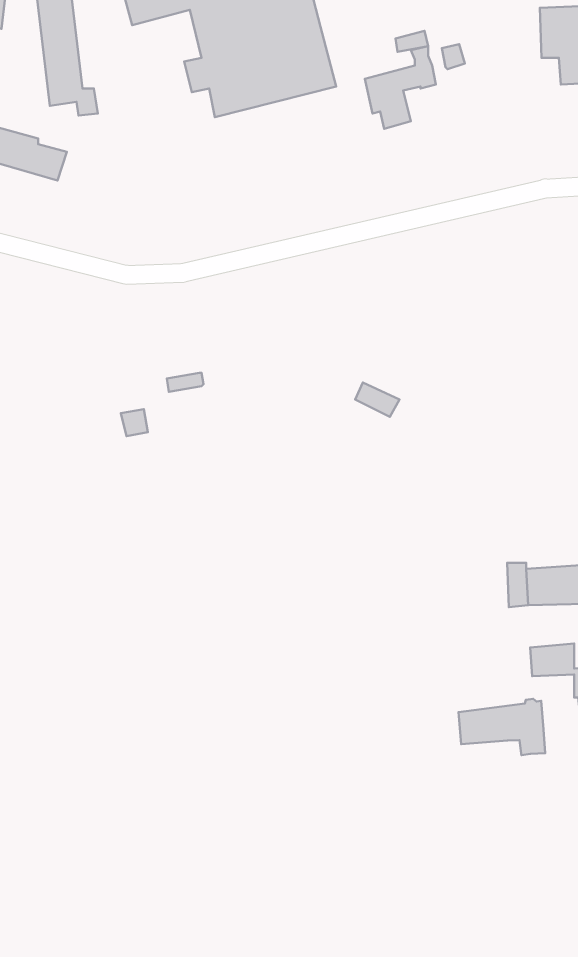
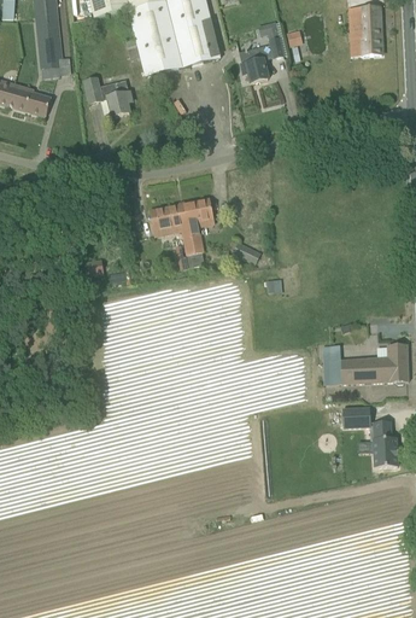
building: none -> [83,76,131,116]
building: none -> [151,198,213,266]
building: [458,699,545,755] -> none

